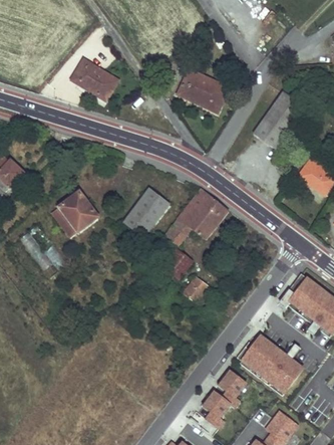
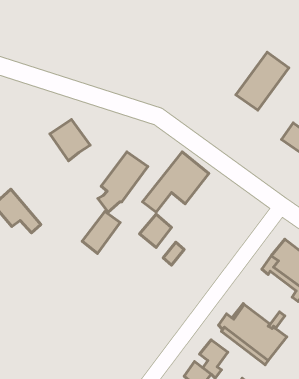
building: [71,58,117,99] -> none
building: [178,69,228,110] -> none
building: [58,192,97,232] -> [50,119,90,161]
building: none -> [82,211,120,253]

